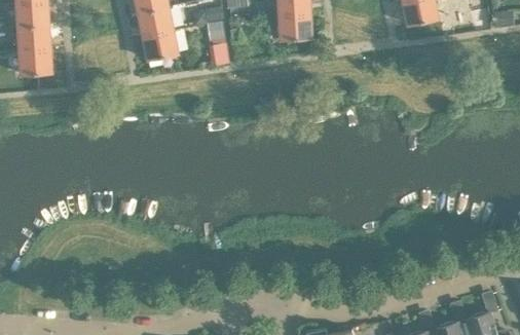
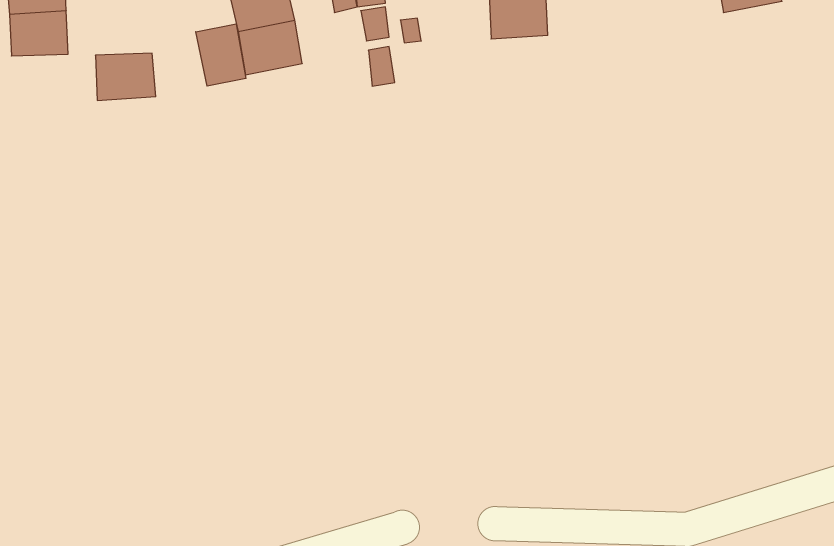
building: none -> [196,24,246,86]
building: [18,47,51,73] -> [95,53,156,100]

